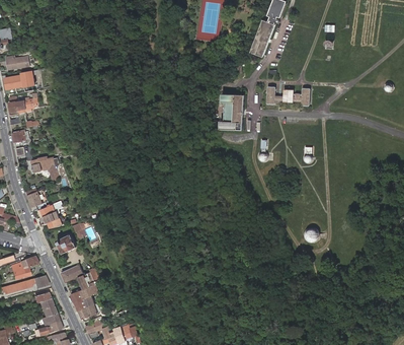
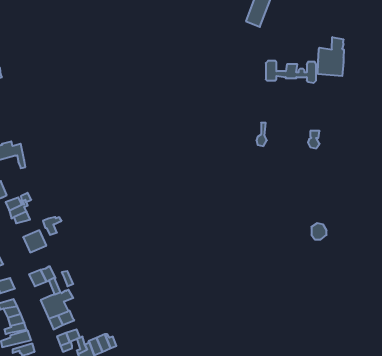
building: none -> [318,37,344,76]
building: [220,93,244,129] -> none

